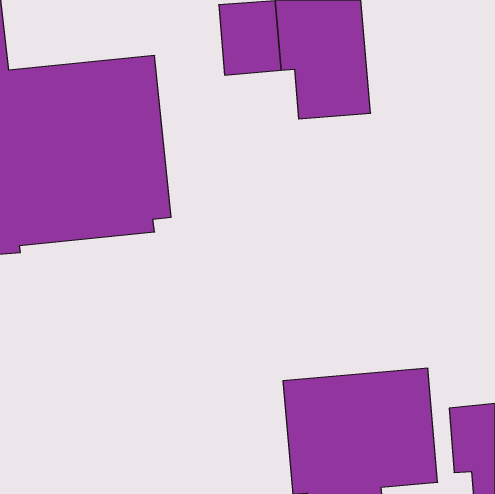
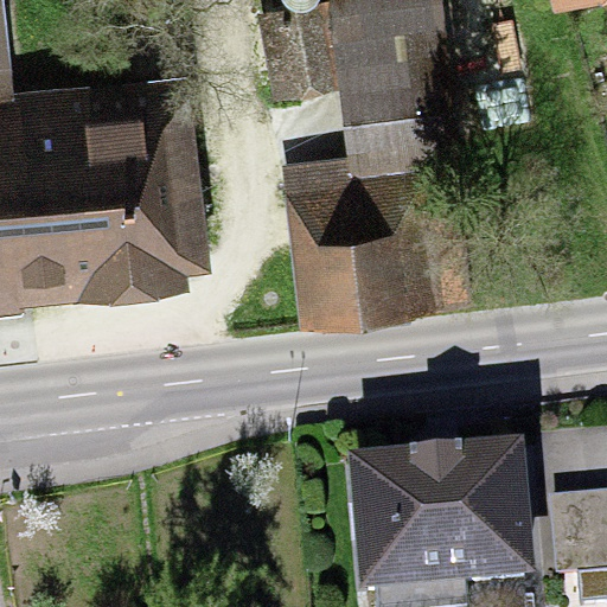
building: none -> [283,149,439,328]

